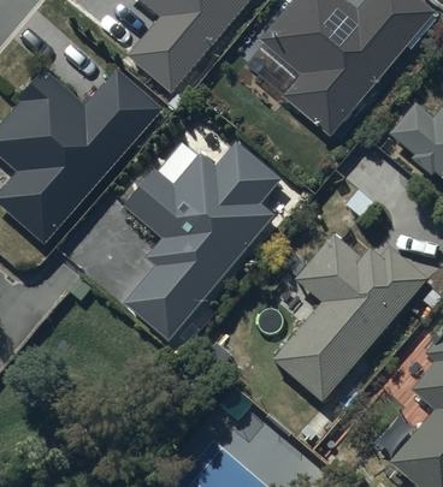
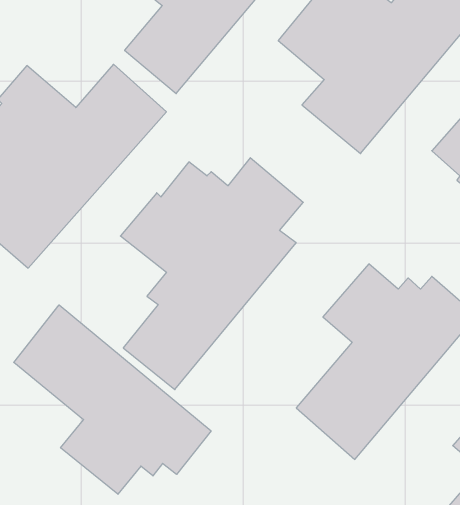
building: none -> [14,305,211,494]

